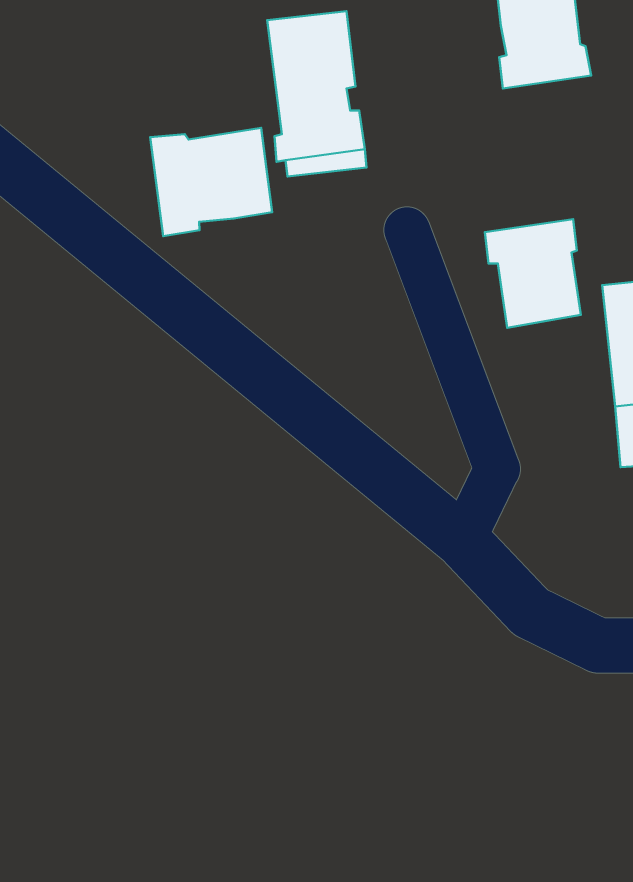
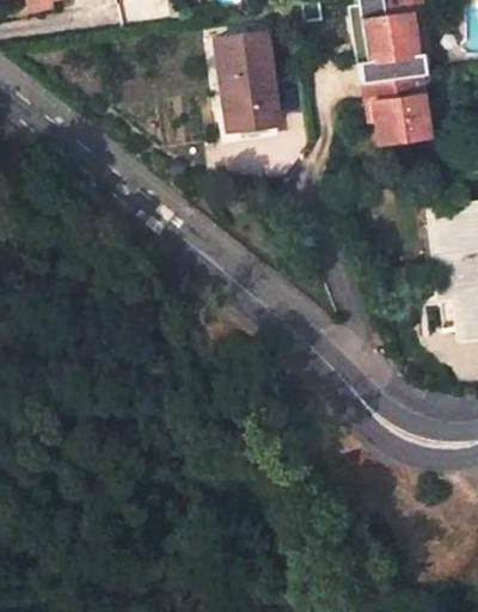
building: [150,128,272,236] -> none
building: [485,219,581,328] -> [369,73,431,143]

